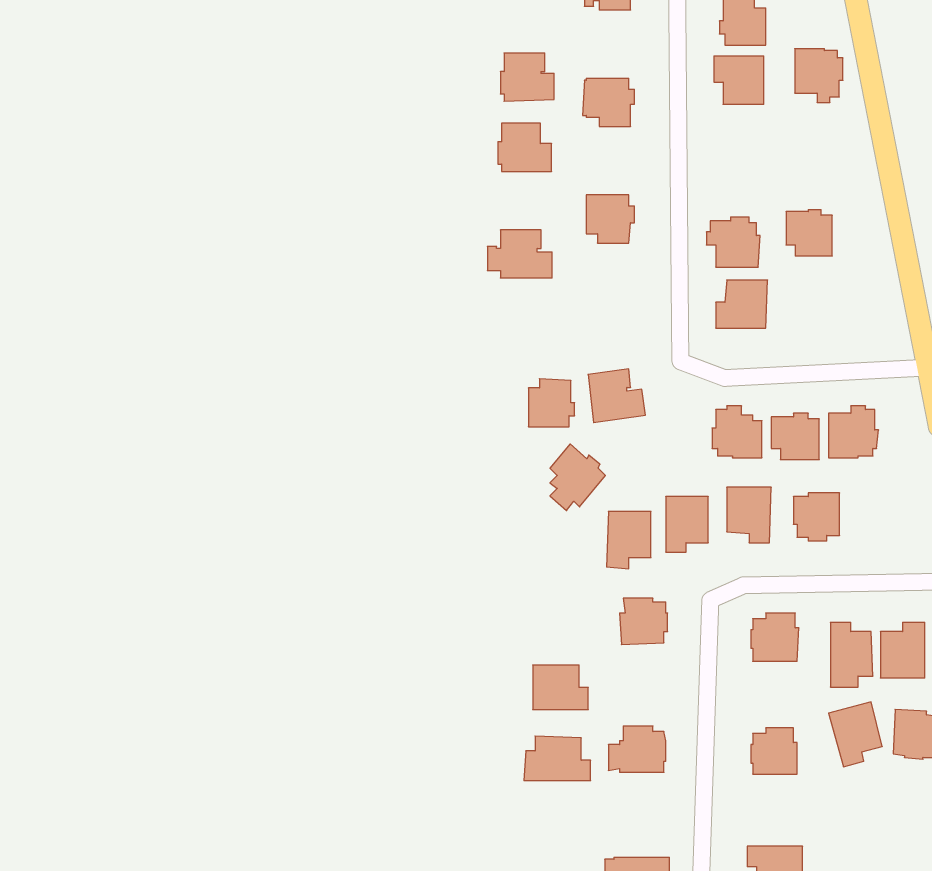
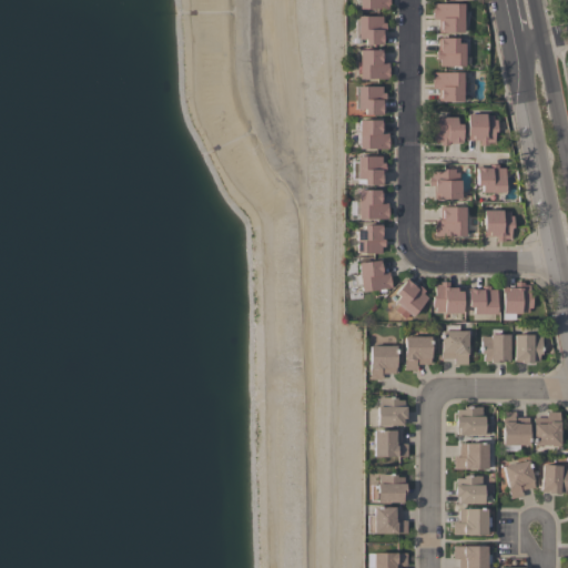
building: [795,49,843,102] -> [470,114,499,146]
building: [500,53,554,101] -> [359,51,392,80]
building: [498,123,552,171] -> [359,121,392,150]
building: none -> [436,118,465,146]
building: [487,230,552,278] -> [353,191,392,220]
building: none -> [486,211,516,243]
building: [528,379,575,427] -> [359,225,387,254]
building: [550,444,605,511] -> [397,280,430,320]
building: none -> [516,335,545,364]
building: [533,665,588,710] -> [376,430,409,457]
building: none -> [456,444,489,469]
building: [524,736,591,781] -> [369,507,409,534]
building: none -> [456,509,489,535]

